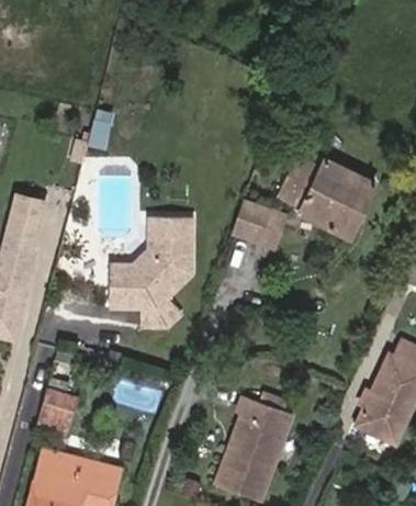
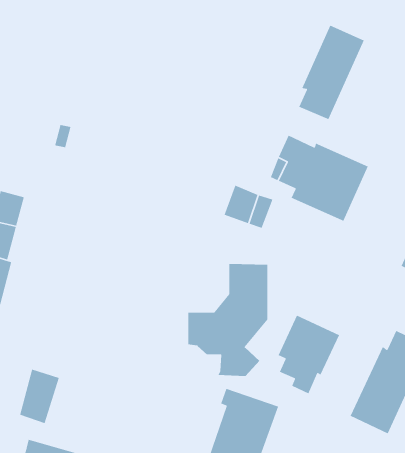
building: none -> [298,24,365,120]
building: [112,221,190,330] -> [188,263,268,377]
building: none -> [277,315,340,394]

